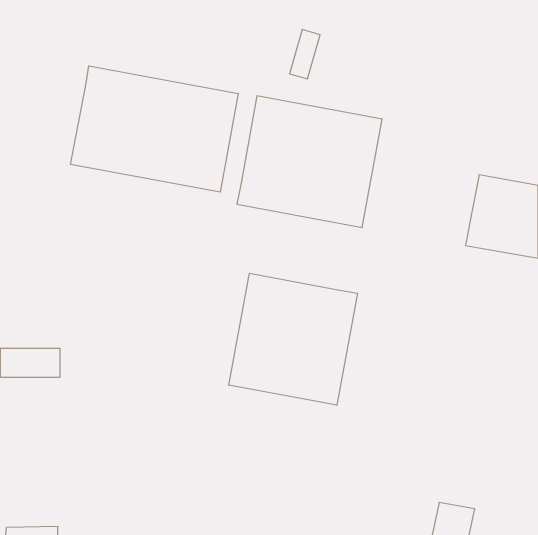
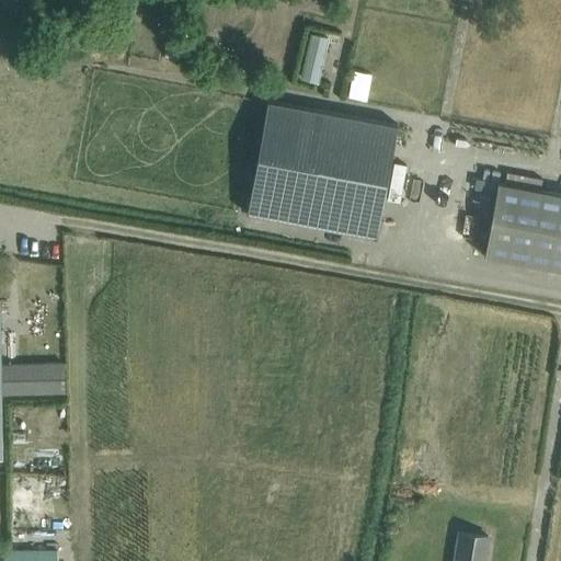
building: [71,66,238,192] -> none
building: [229,273,357,405] -> none

